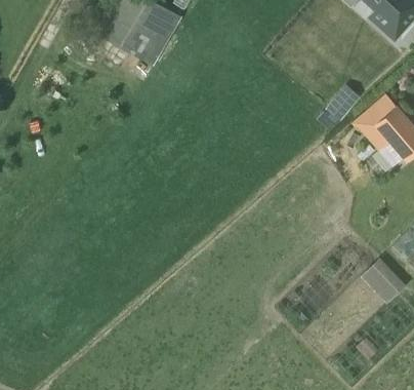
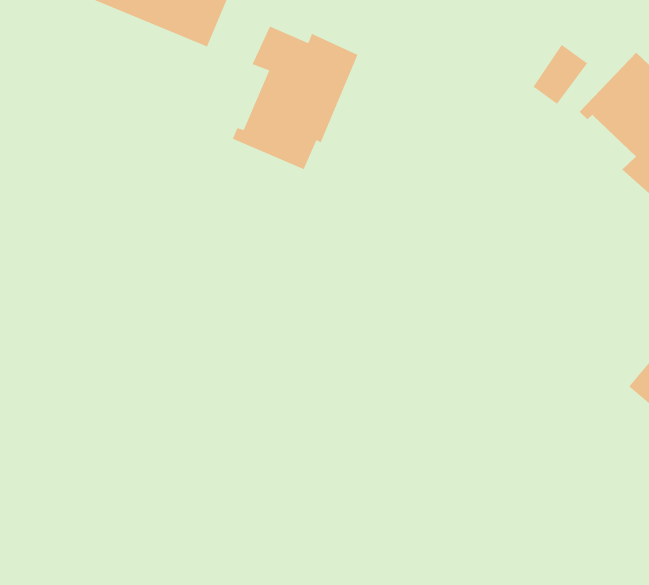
building: none -> [232,25,359,170]

